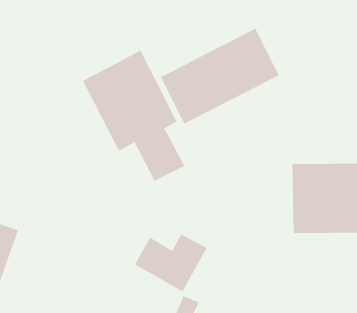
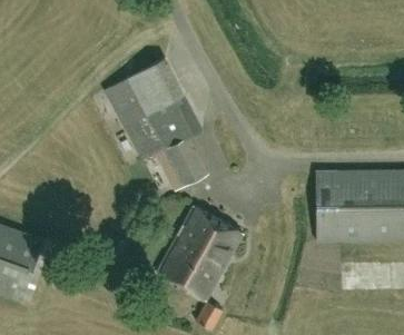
building: [160,28,279,124] -> none
building: none -> [173,207,243,258]

